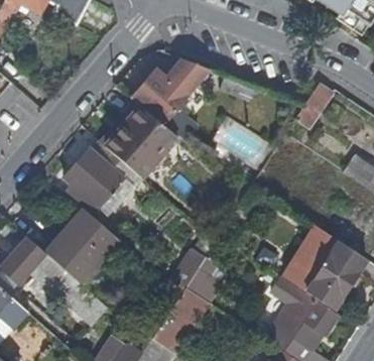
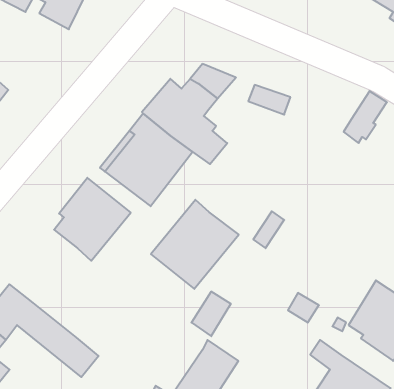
building: [45,208,117,280] -> [151,200,239,289]
building: [188,252,225,299] -> none

